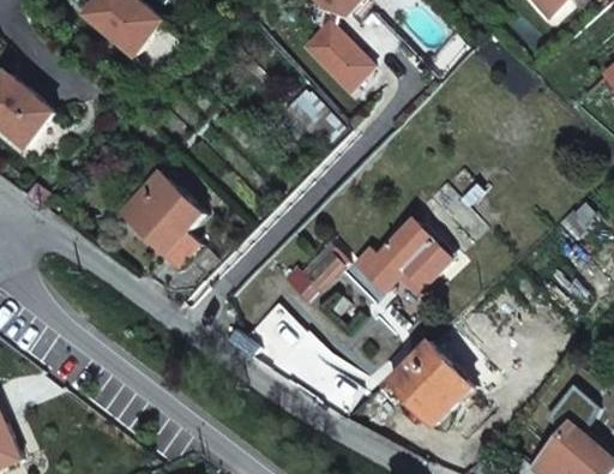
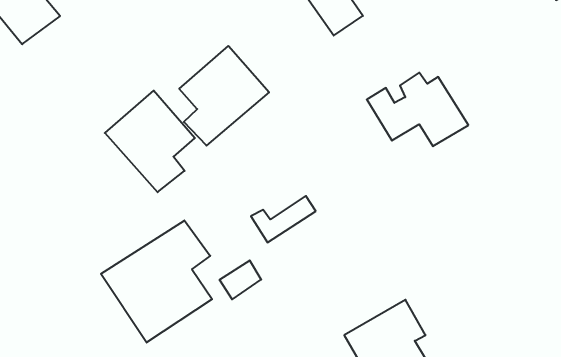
building: none -> [179,46,269,146]
building: [351,220,455,290] -> [367,73,468,146]
building: none -> [101,220,212,343]

